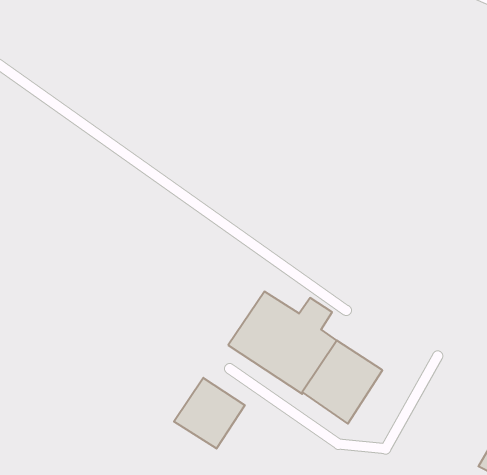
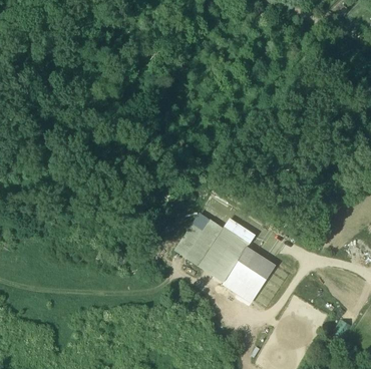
building: [174,378,245,449] -> none

